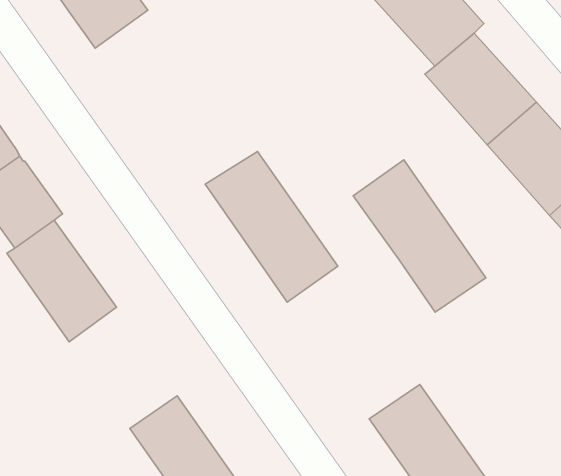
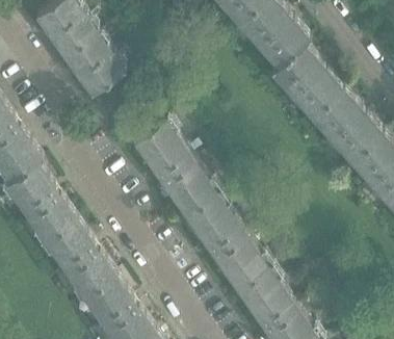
building: none -> [65,34,127,99]
building: [353,160,486,312] -> [187,197,271,293]
building: none -> [49,223,117,299]

